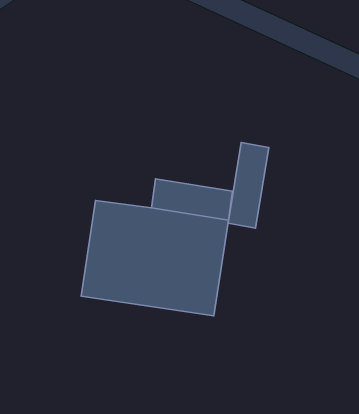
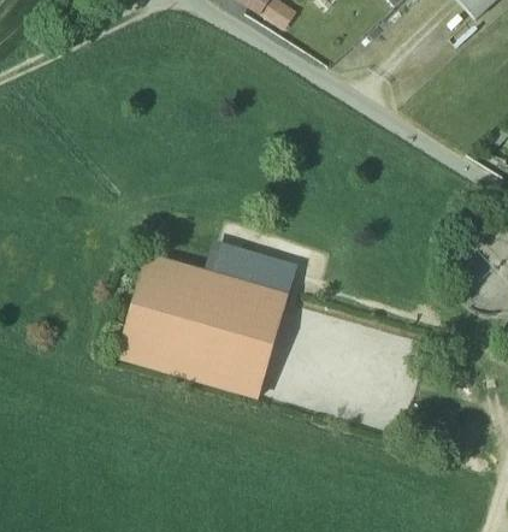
building: [228,142,269,228] -> none

